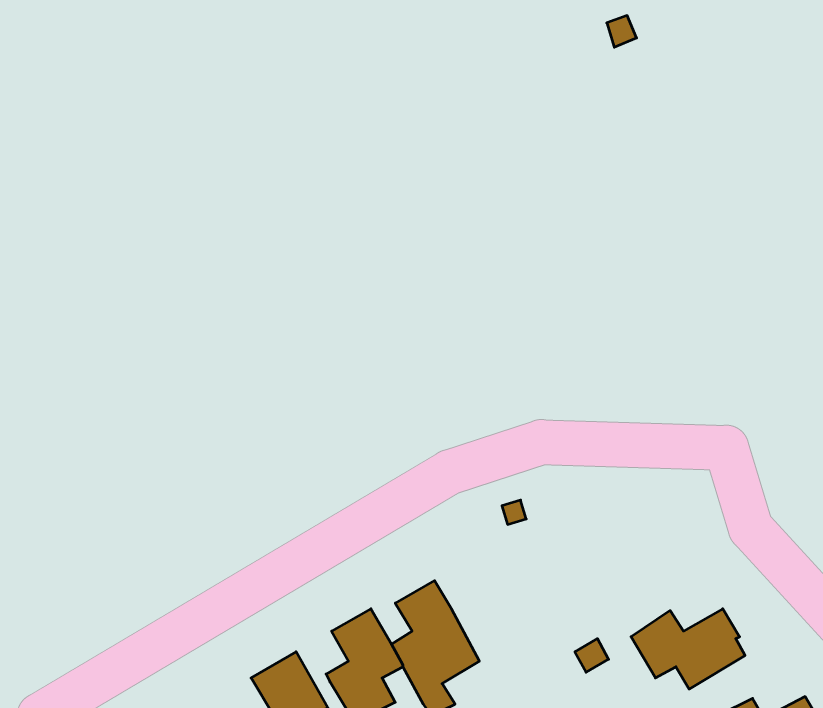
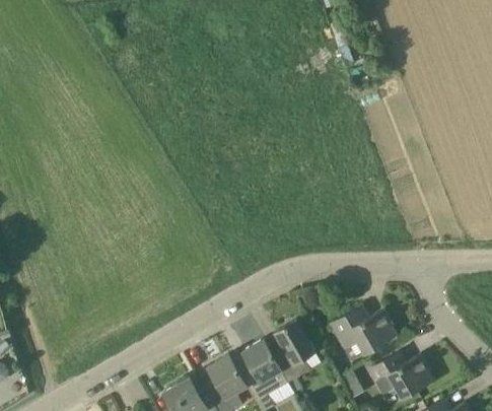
building: none -> [331,307,394,353]
building: none -> [272,321,313,384]

